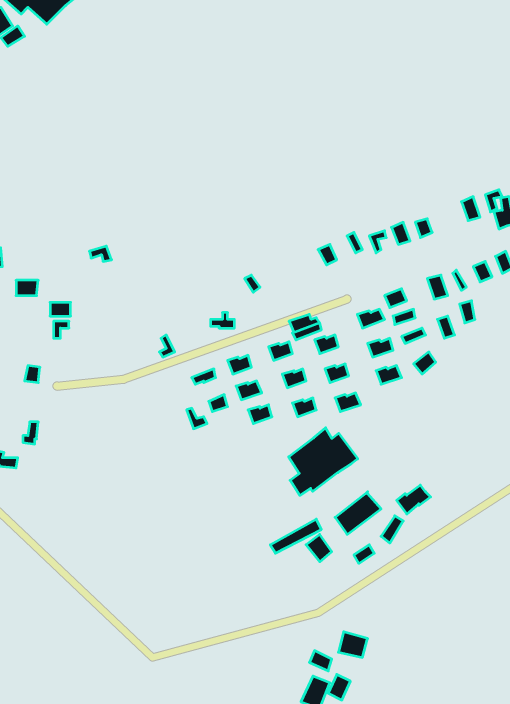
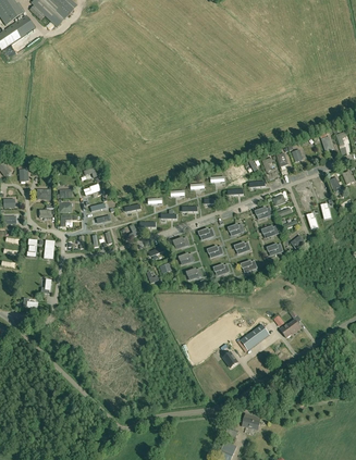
building: [289,428,358,495] -> none

